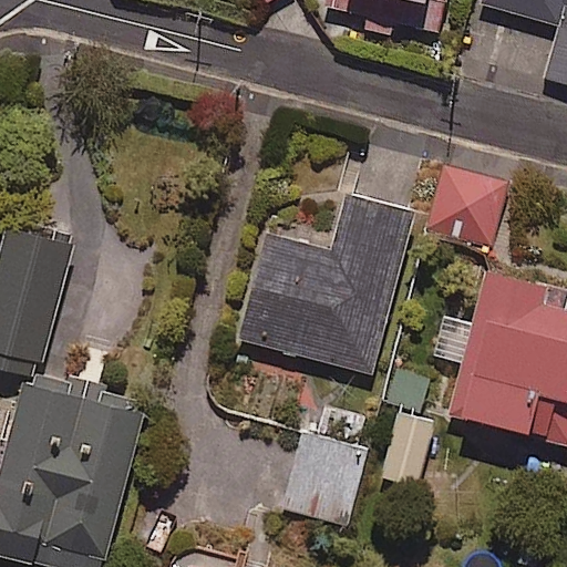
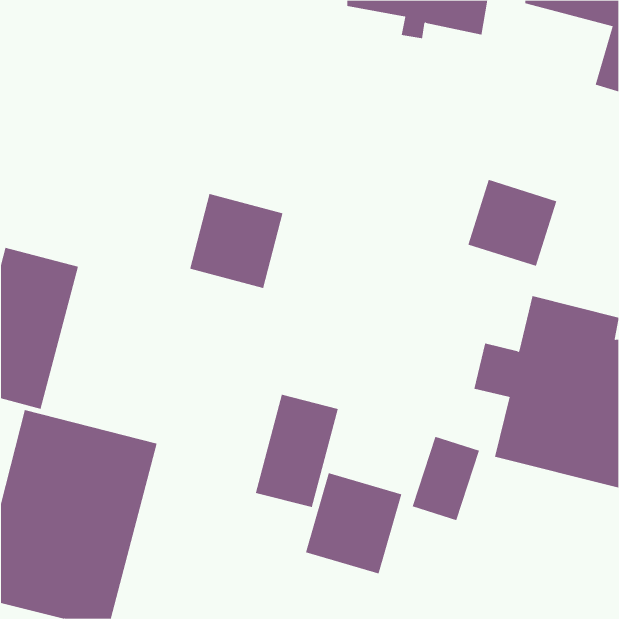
building: none -> [189,193,283,289]
building: [241,196,413,372] -> none
building: none -> [255,394,339,508]

